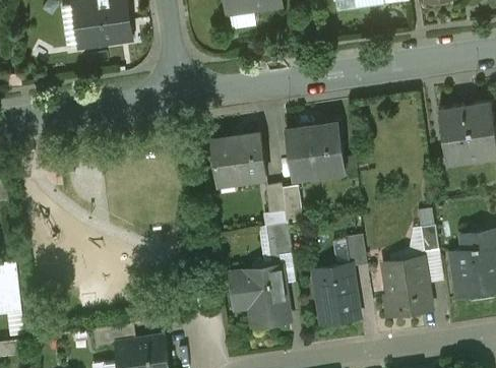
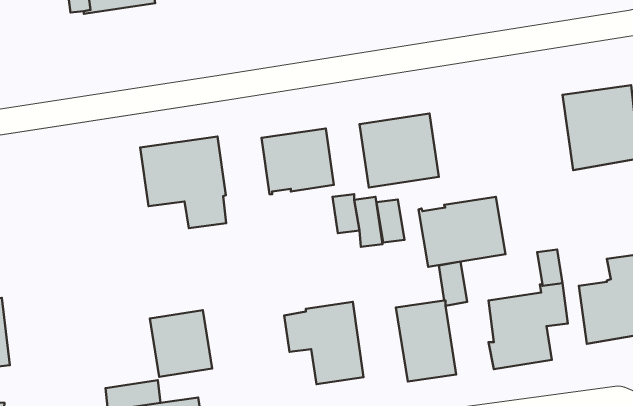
building: none -> [140,137,226,228]
building: none -> [419,197,505,267]
building: [270,224,292,256] -> [376,199,405,243]
building: none -> [150,310,212,377]

